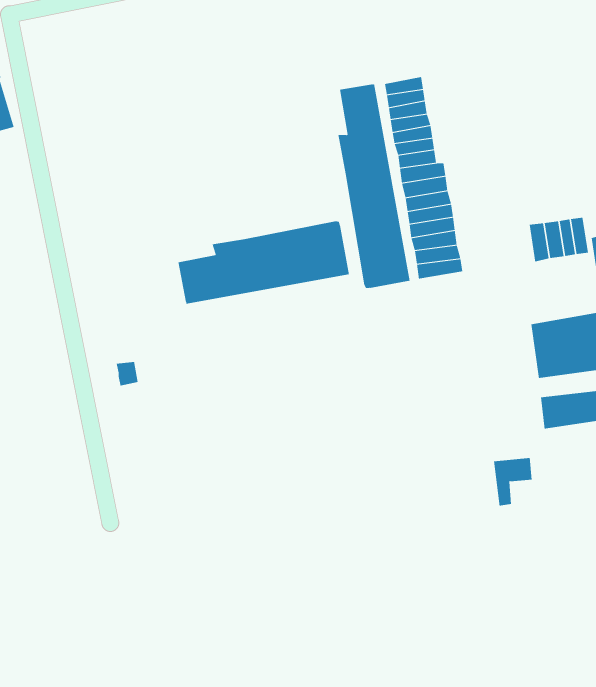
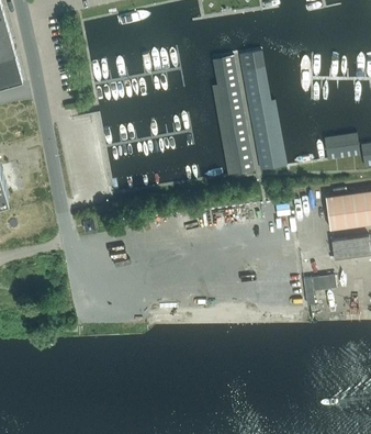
building: [178,220,349,304] -> none

